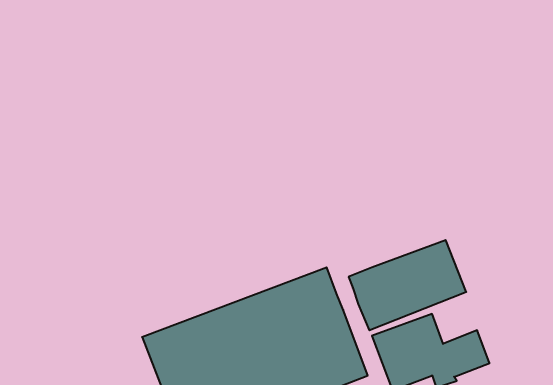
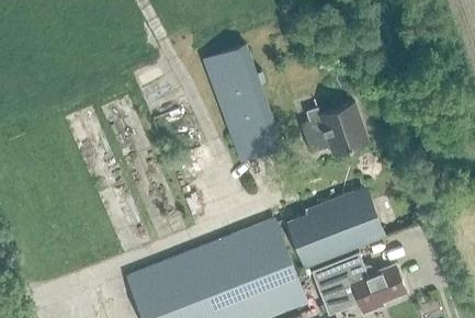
building: none -> [202,43,282,159]
building: none -> [301,99,370,154]

